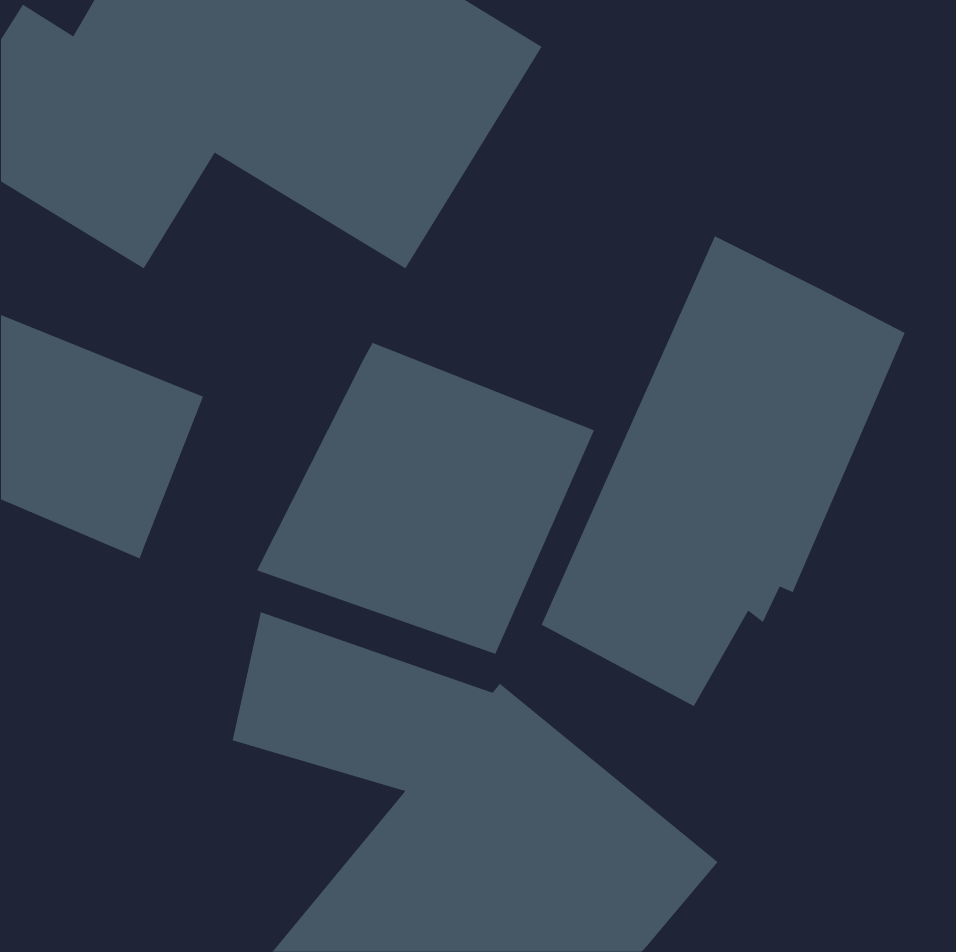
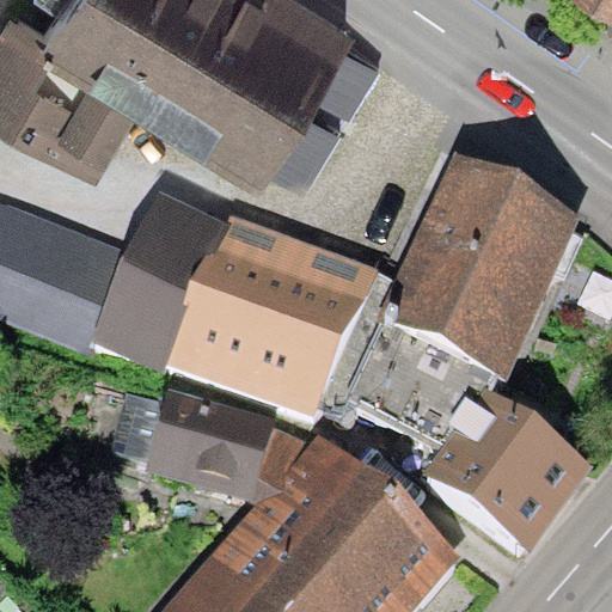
building: none -> [93,195,232,374]
building: none -> [426,391,592,557]

